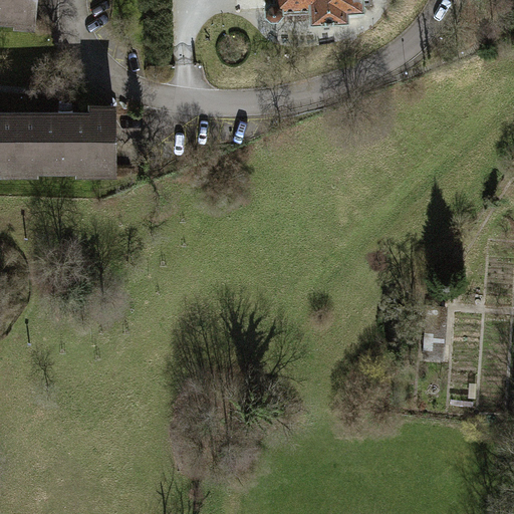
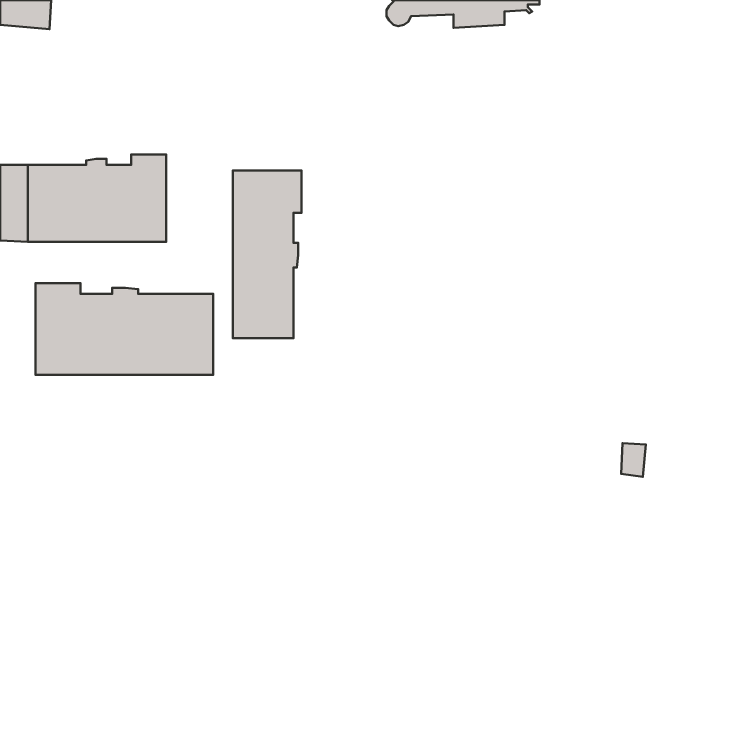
building: none -> [233,171,302,338]
building: none -> [36,283,213,375]

